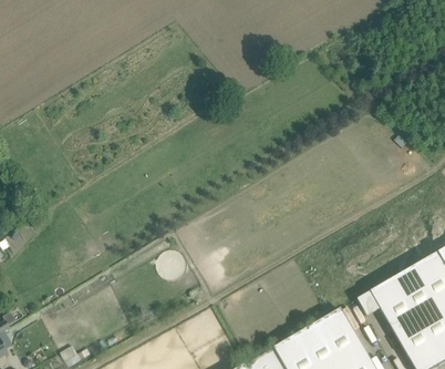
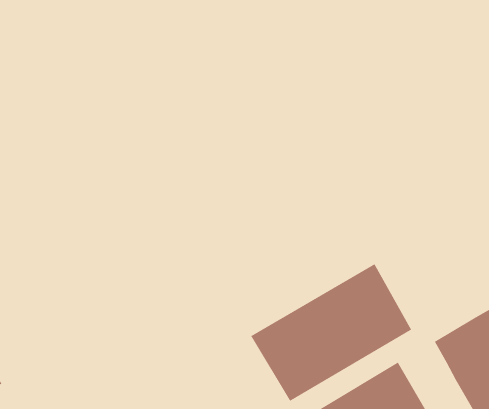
building: none -> [250,263,412,402]

